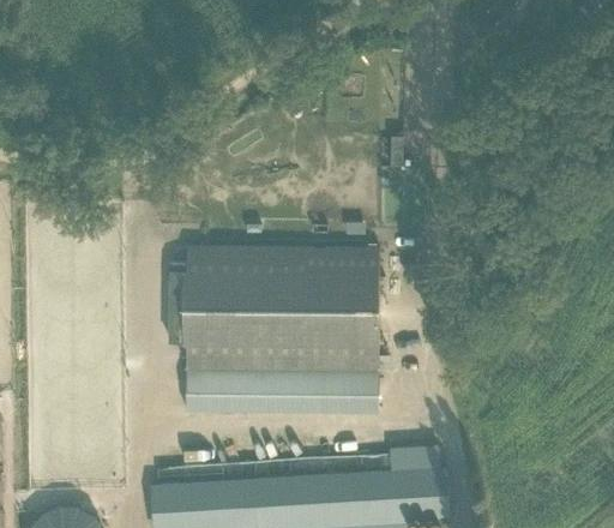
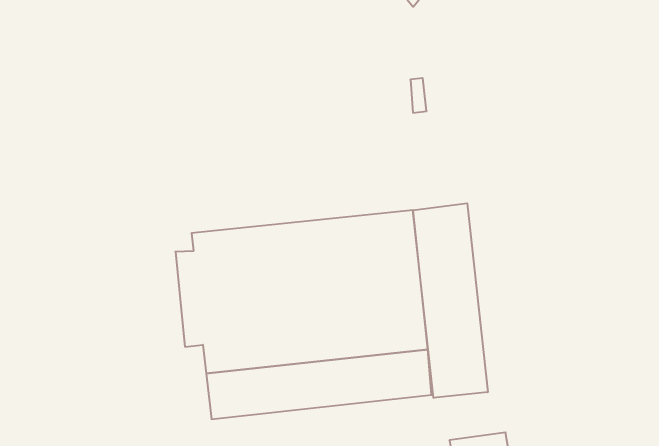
building: none -> [413,203,488,398]

